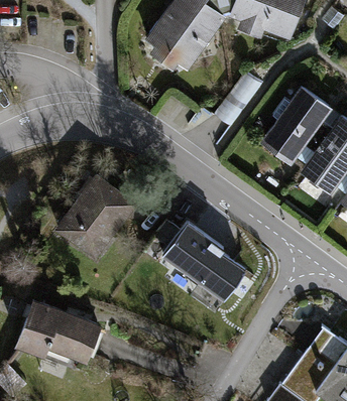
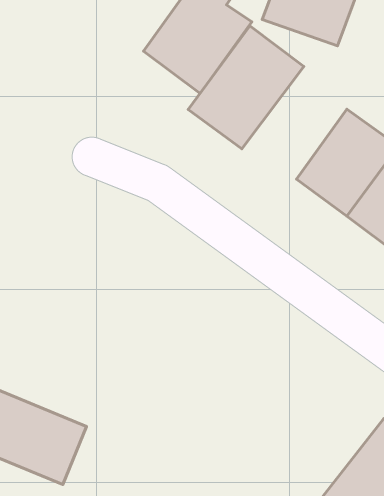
building: none -> [188,26,304,149]
building: [59,173,138,256] -> none
building: [145,217,239,312] -> none

